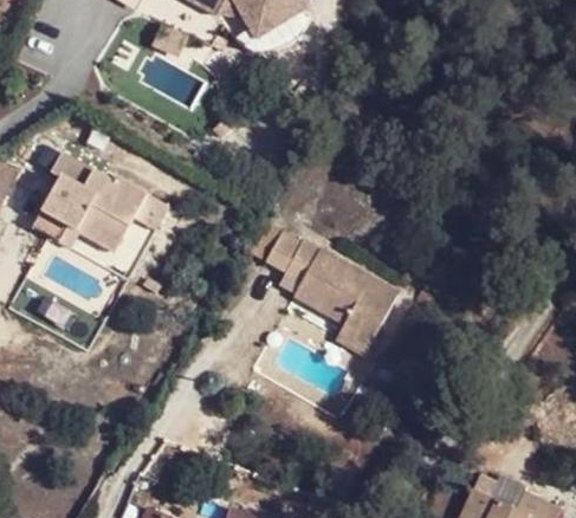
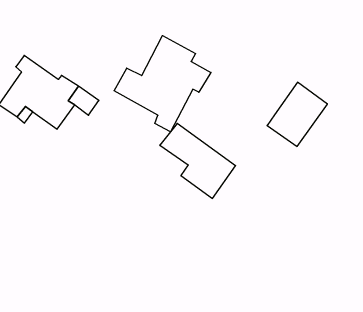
building: none -> [114,36,211,132]
building: [325,271,403,357] -> [267,82,327,146]

